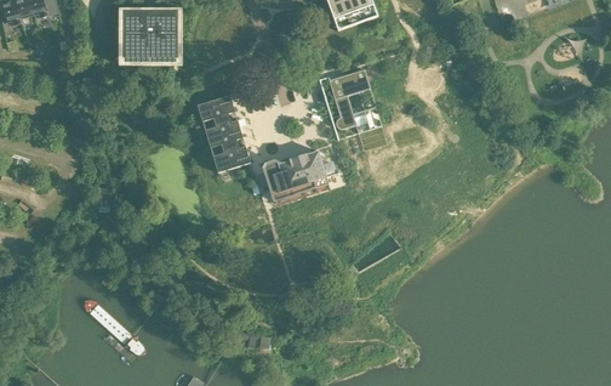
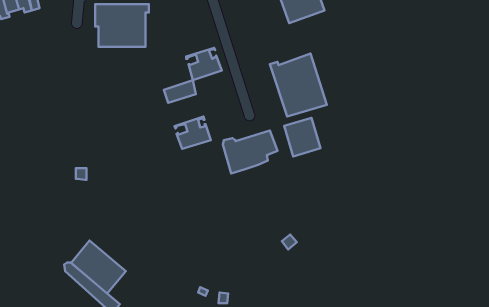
building: [201,110,241,147] -> [186,48,222,80]
building: none -> [284,118,320,157]
building: none -> [71,241,126,294]

